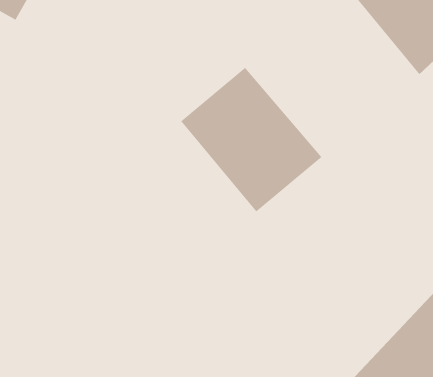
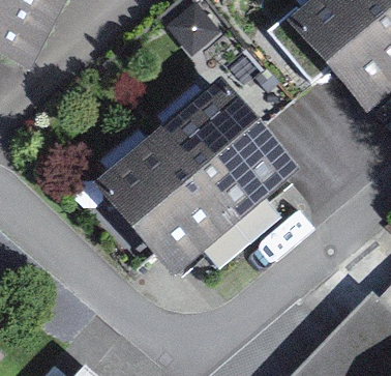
building: none -> [101,141,223,266]

